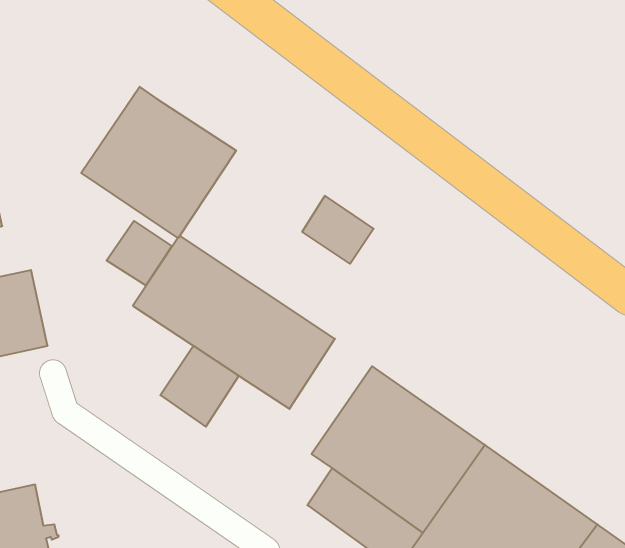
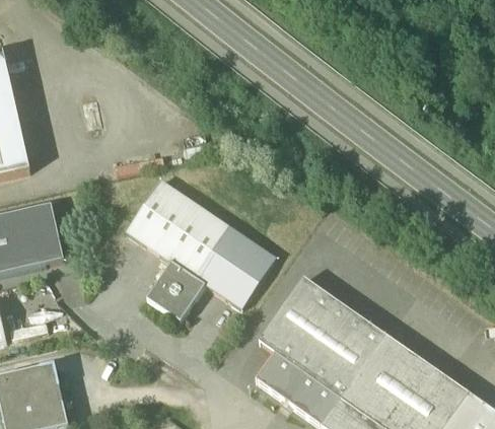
building: [81,87,236,238] -> none
building: [302,196,374,264] -> none
building: [107,221,172,286] -> none

